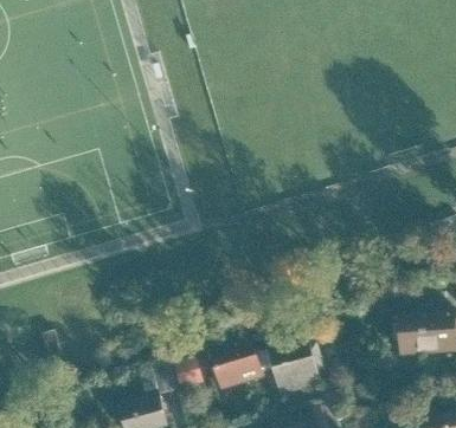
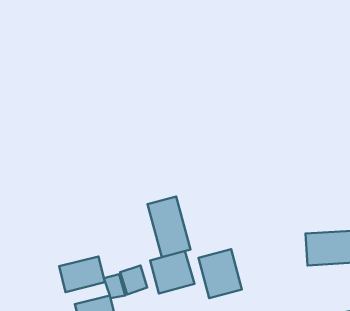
building: none -> [147,196,190,257]
building: none -> [59,256,105,292]

